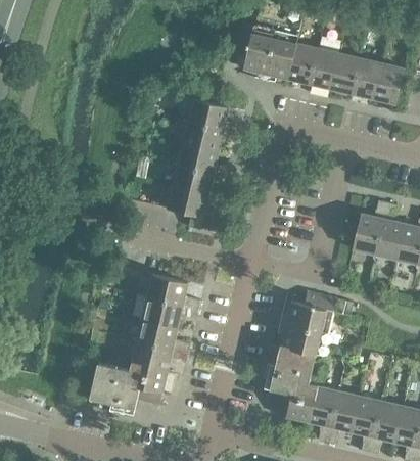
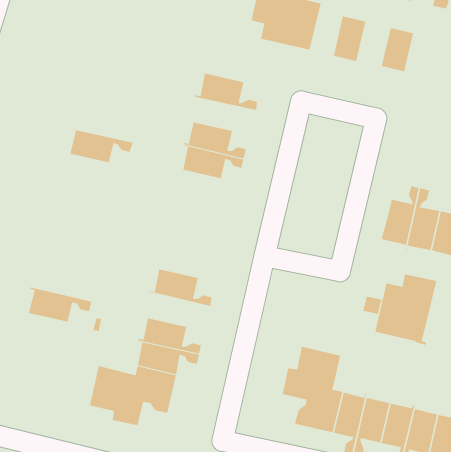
building: [287,44,316,84] -> none
building: [329,53,359,93] -> none
building: [372,63,404,103] -> none
building: [182,121,239,151] -> [70,129,133,163]
building: [168,186,207,229] -> none
building: [279,292,335,357] -> [375,274,437,346]
building: [141,295,198,327] -> [28,287,92,322]

